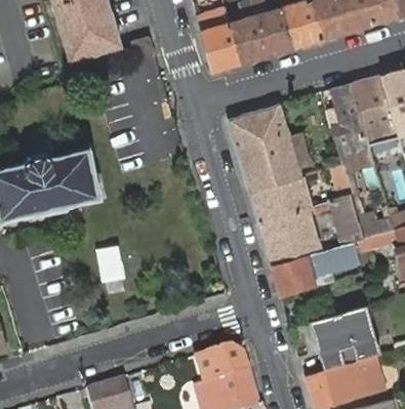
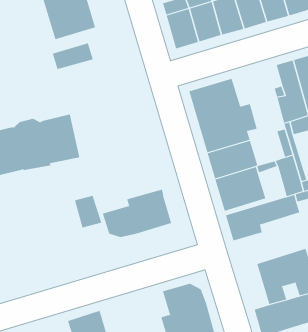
building: none -> [52,43,93,70]
building: none -> [102,189,172,238]

